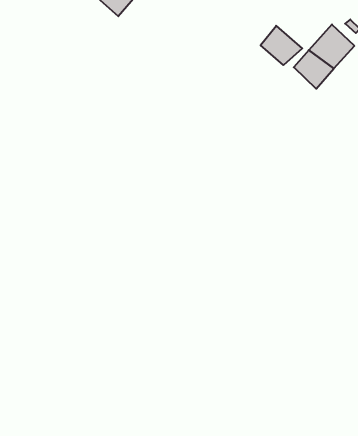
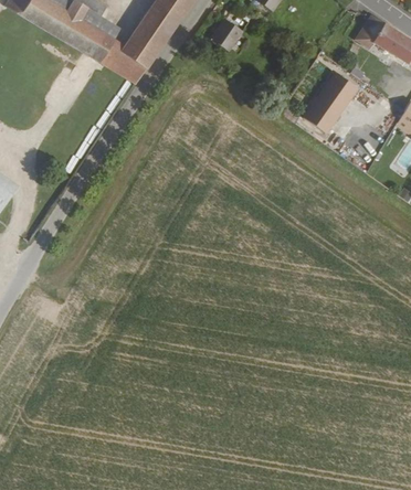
building: [261,26,302,65] -> none

